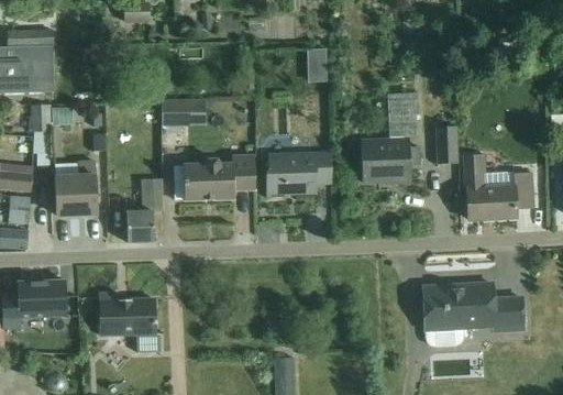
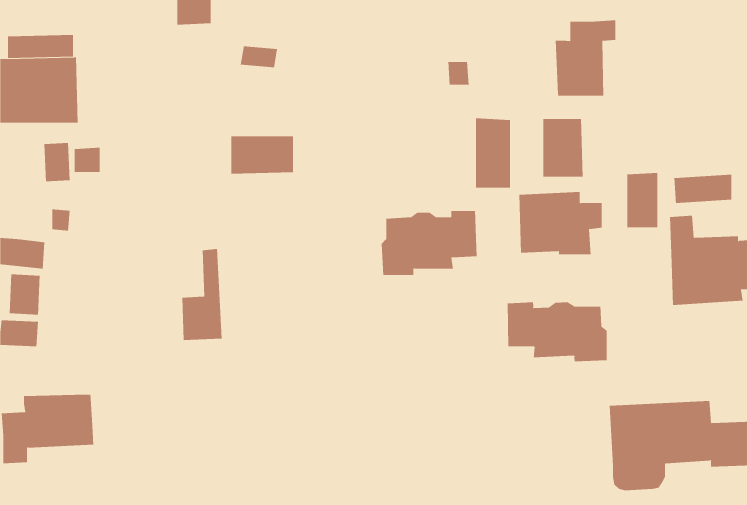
building: none -> [555,20,616,97]
building: none -> [475,117,511,189]
building: none -> [674,174,732,204]
building: [173,155,255,200] -> none
building: [54,160,97,217] -> none
building: none -> [507,302,607,362]
building: [99,293,159,351] -> none

